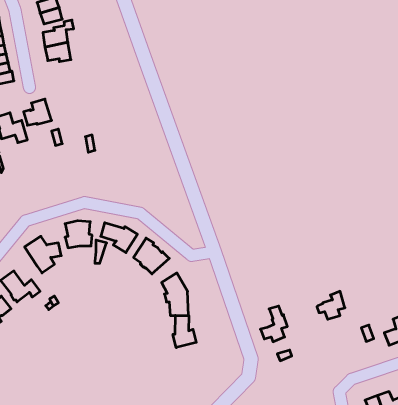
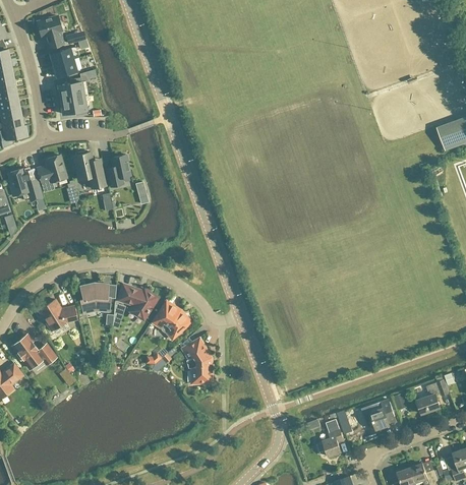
building: none -> [72,150,105,188]
building: none -> [107,155,130,186]
building: [317,291,345,319] -> [364,400,394,429]
building: [260,306,287,342] -> [315,419,344,457]
building: [173,315,196,348] -> none

